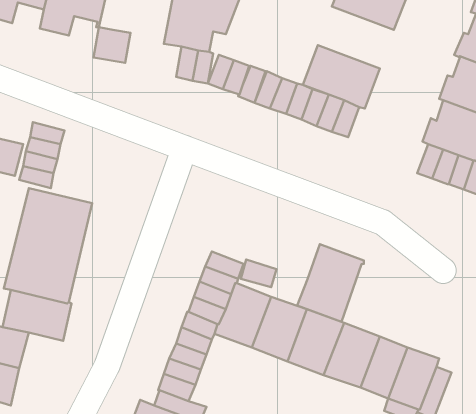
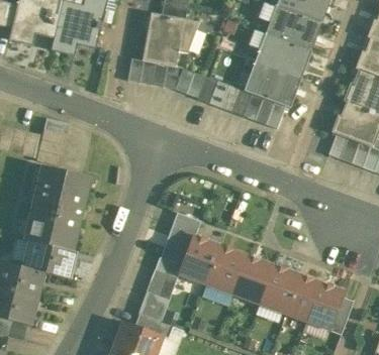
building: none -> [255,32,310,78]
building: [93,27,131,63] -> [127,57,155,84]
building: [297,244,364,322] -> none

